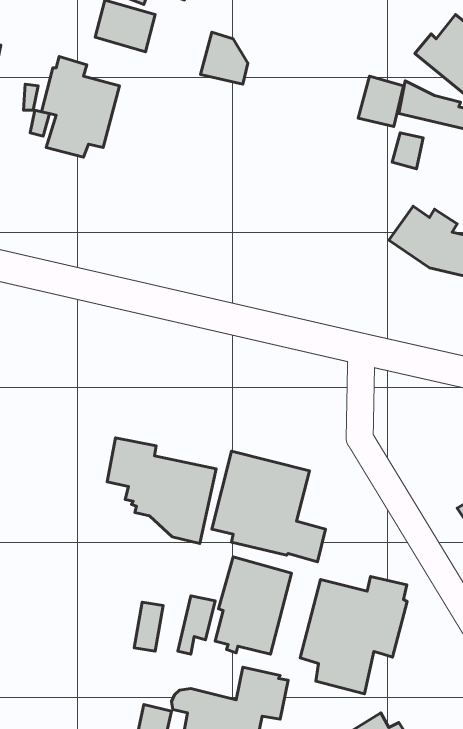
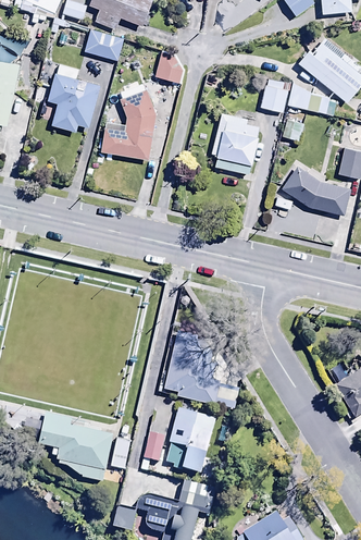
building: none -> [101,85,154,160]
building: none -> [212,113,263,177]
building: [107,438,216,543] -> [38,407,111,478]
building: [300,576,407,694] -> none

